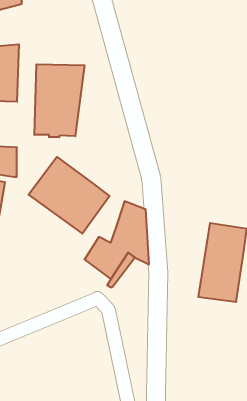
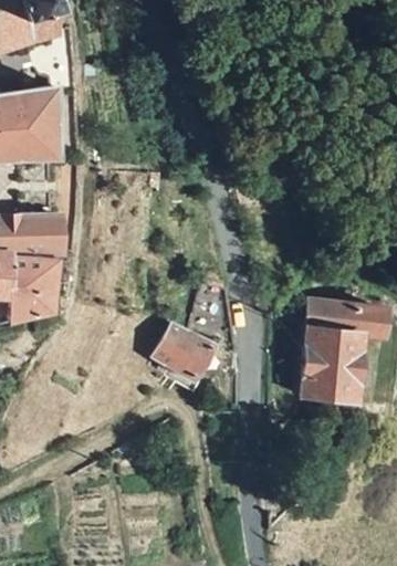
building: [34,64,85,137] -> none
building: [29,157,110,234] -> none

